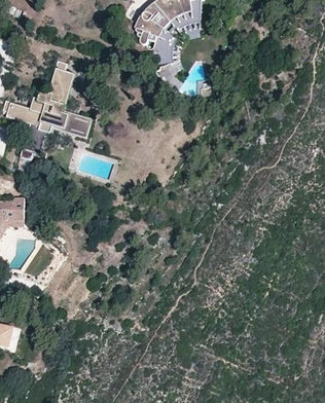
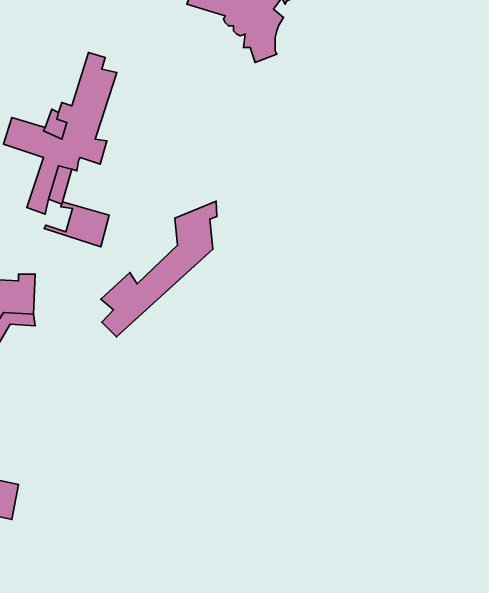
building: [50,110,91,138] -> [44,202,109,247]
building: none -> [101,201,217,337]

